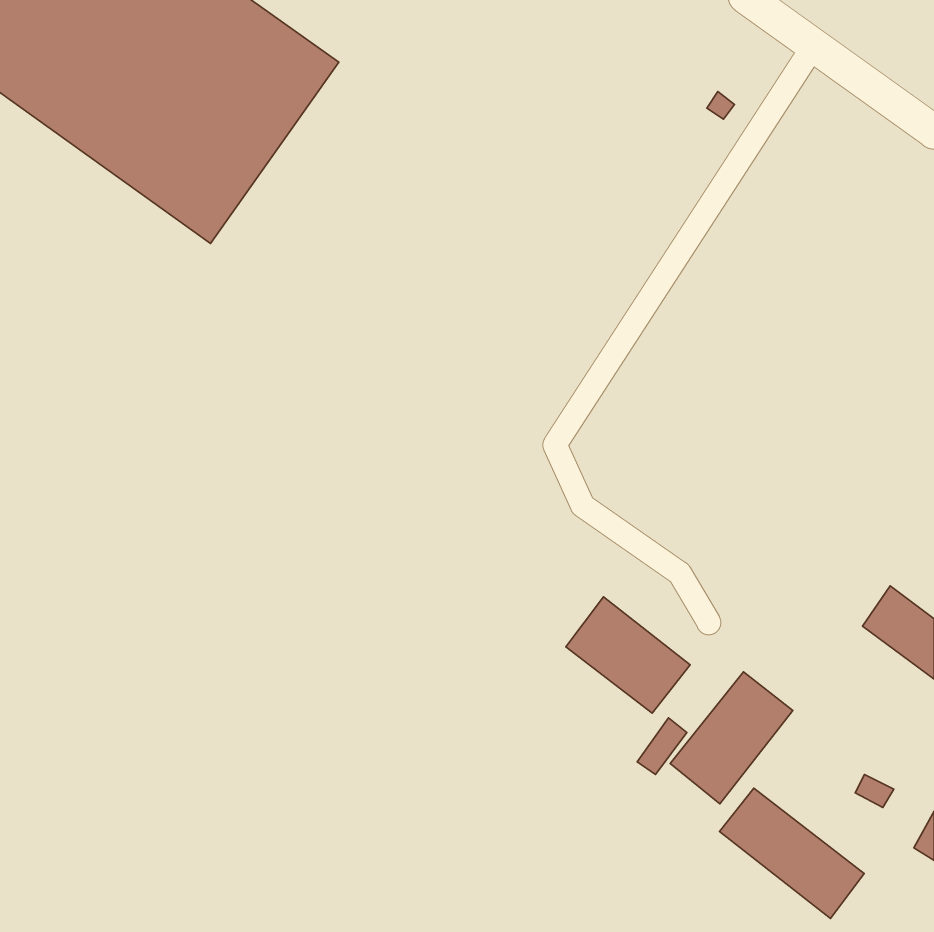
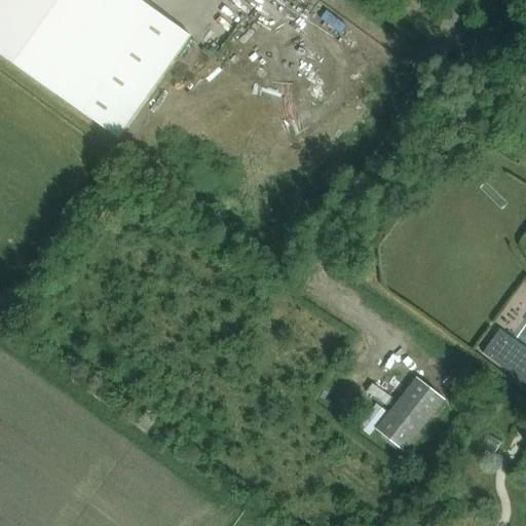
building: [566,597,690,713] -> none
building: [720,788,864,919] -> none

